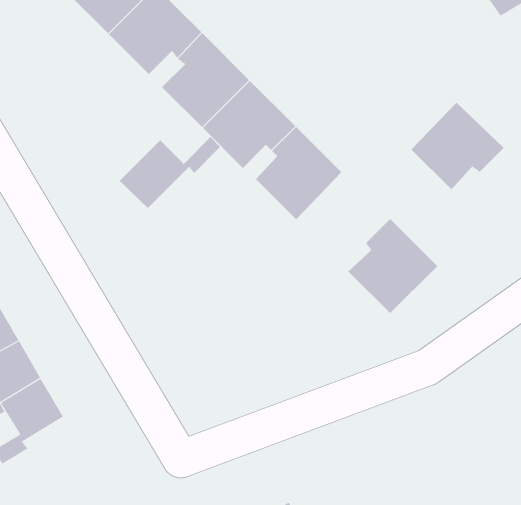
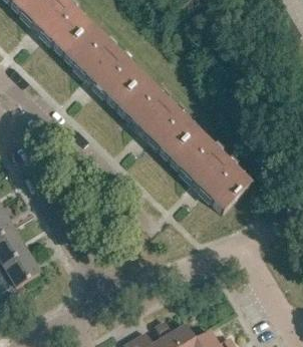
building: [411,102,505,190] -> [170,132,223,183]
building: [119,136,221,209] -> none

